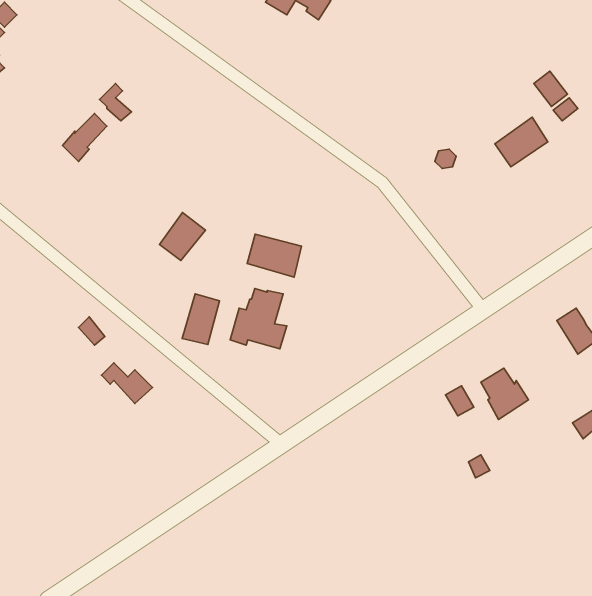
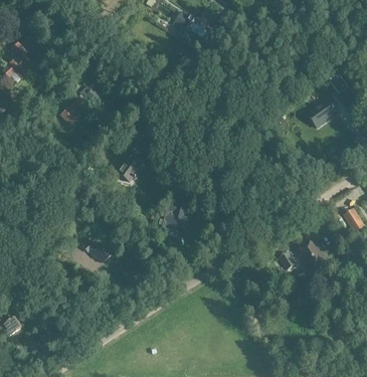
building: [247,234,302,277] -> none
building: [182,294,219,345] -> none

